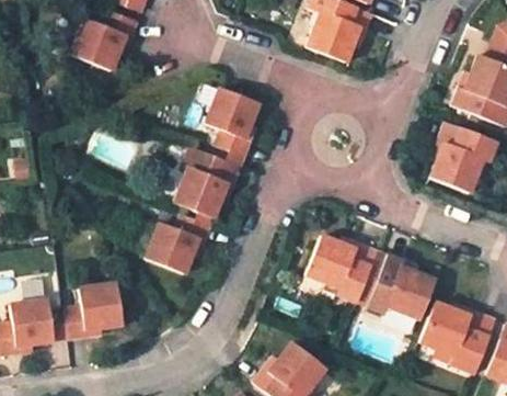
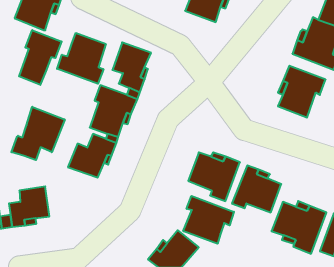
building: none -> [19,30,62,85]
building: none -> [57,33,106,84]
building: none -> [11,107,65,160]
building: none -> [183,196,234,244]

